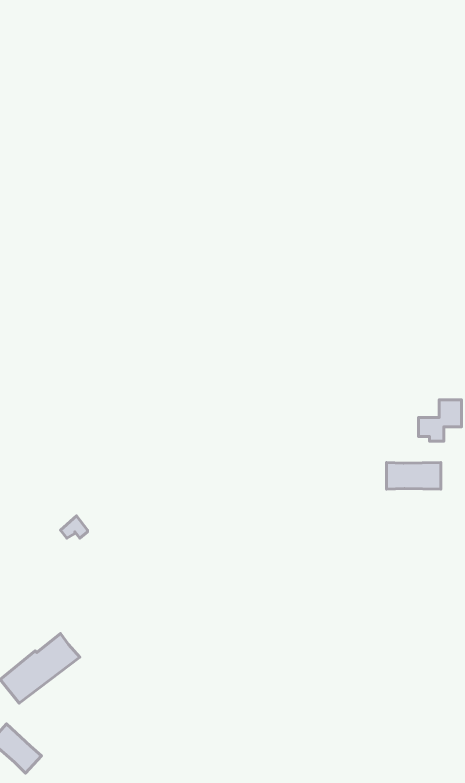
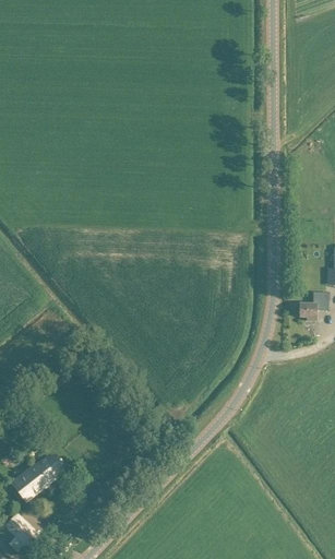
building: [387,463,441,489] -> none

